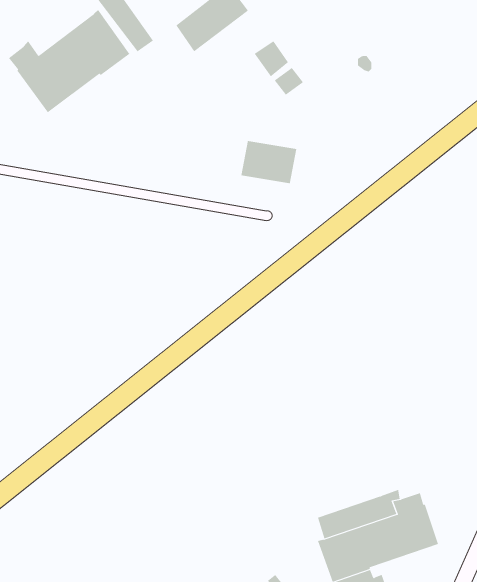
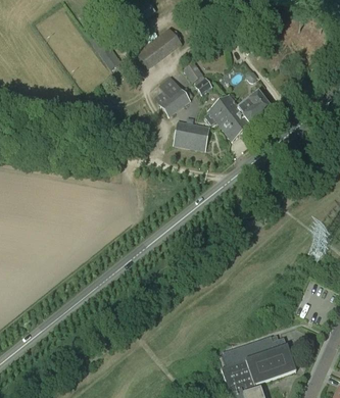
building: [8,9,130,113] -> none
building: none -> [155,77,190,115]
building: none -> [206,92,272,140]

